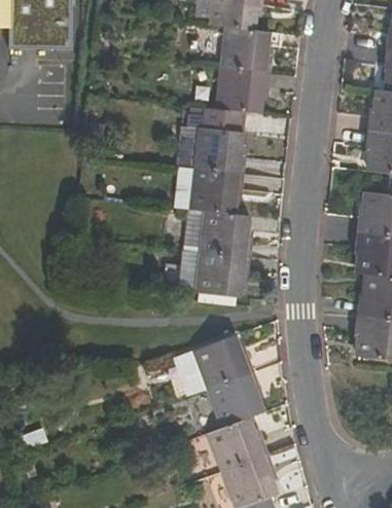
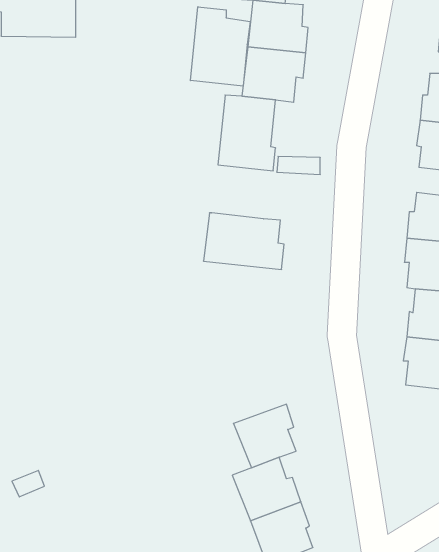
building: none -> [190,7,250,86]
building: [190,168,243,214] -> none
building: [178,250,250,297] -> none
building: [178,336,254,395] -> none

